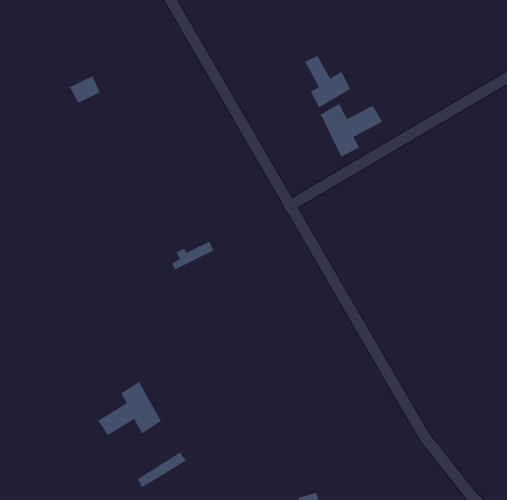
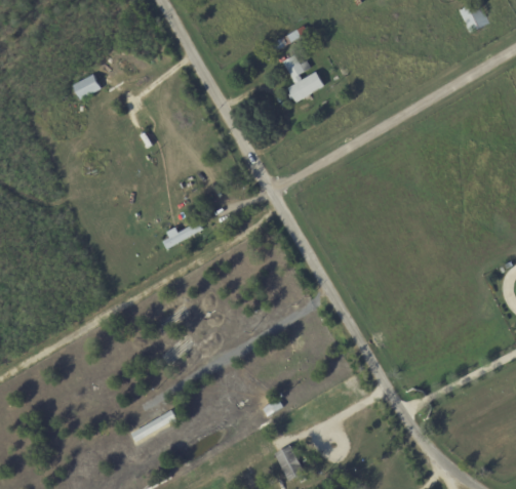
building: [320,103,383,158] -> none
building: [97,381,162,436] -> none

